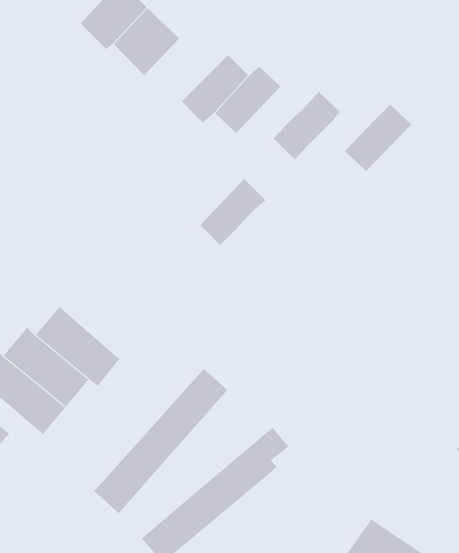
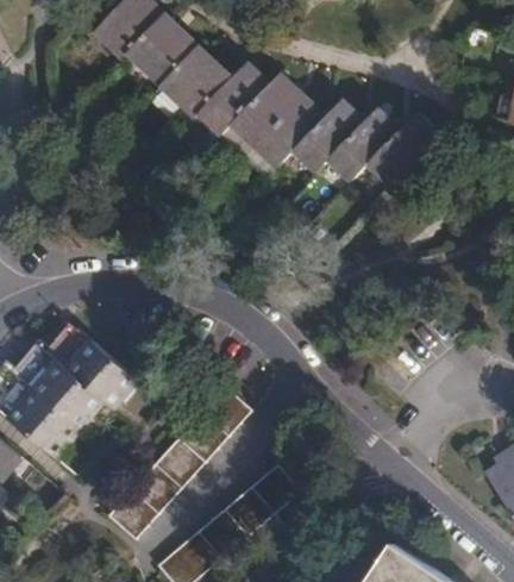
building: none -> [161,46,232,117]
building: none -> [330,109,399,181]
building: [199,178,266,246] -> [256,96,325,167]

